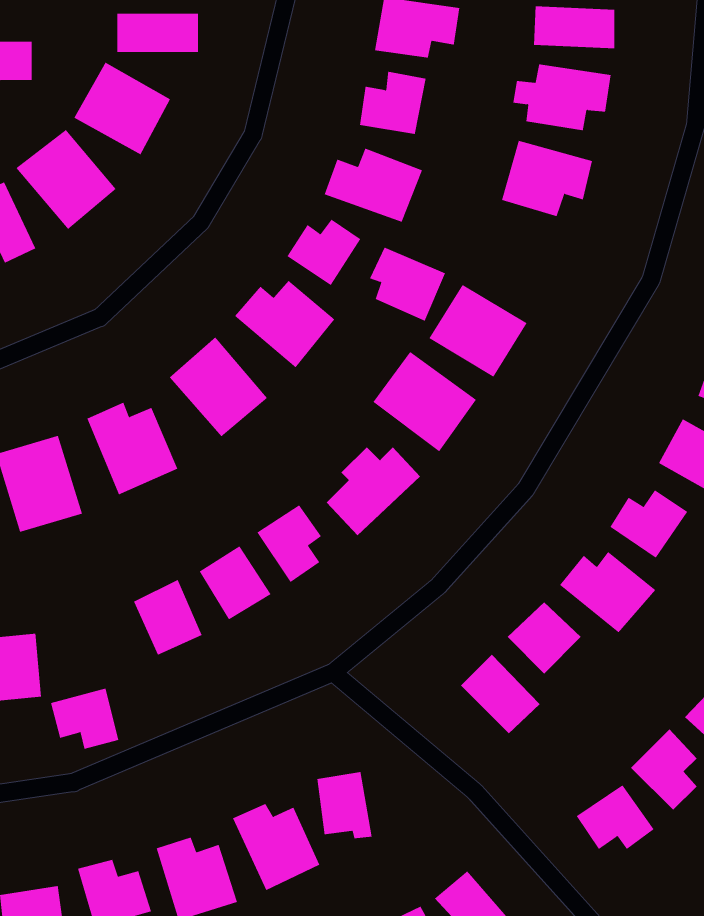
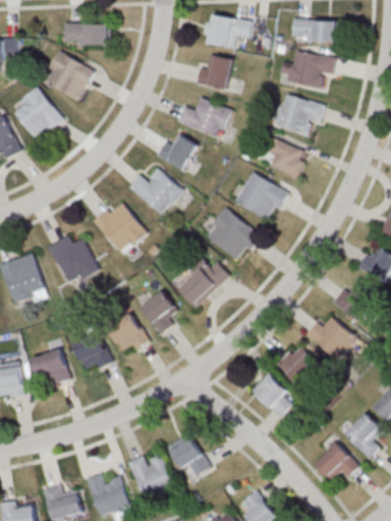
building: [369,247,446,322] -> [266,138,308,179]
building: [50,688,119,750] -> [32,350,69,384]

